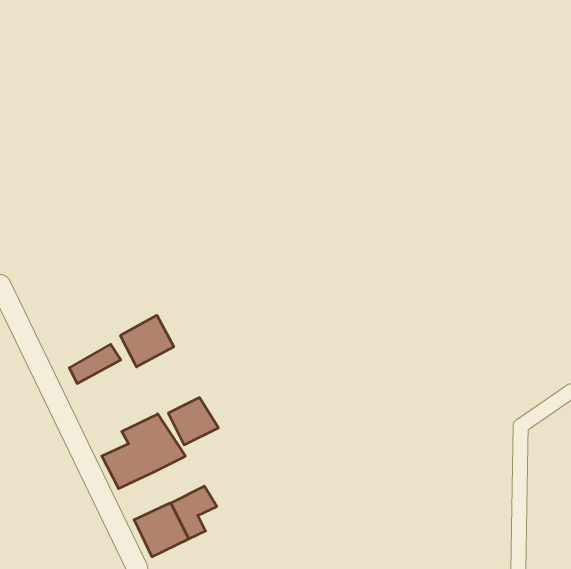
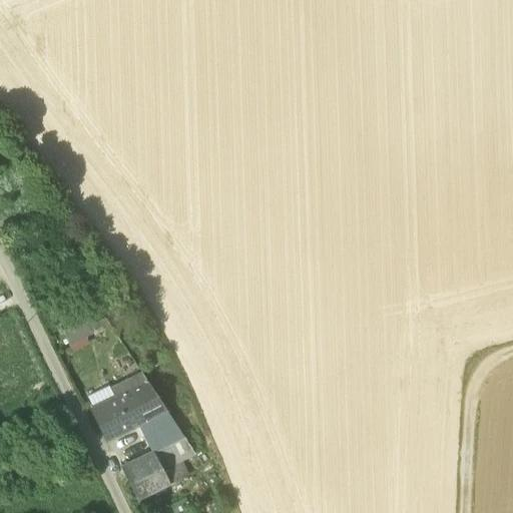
building: [120,315,174,367] -> none
building: [168,398,218,445] -> [138,409,183,451]

